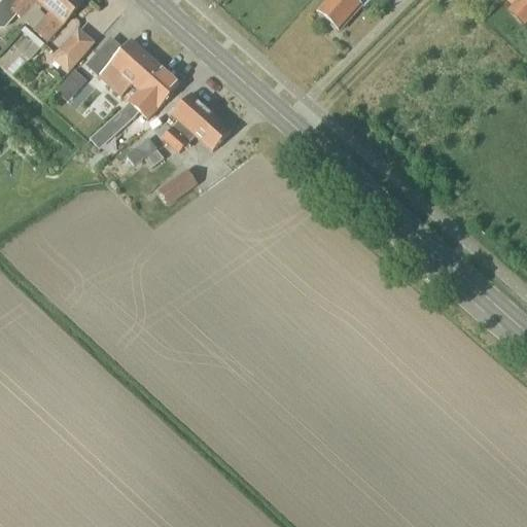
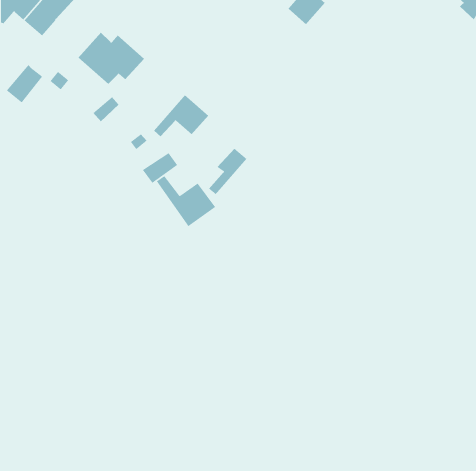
building: [52,27,94,70] -> [6,64,43,103]
building: [128,65,179,118] -> none
building: [162,92,205,144] -> [208,148,247,195]
building: none -> [156,175,216,227]

